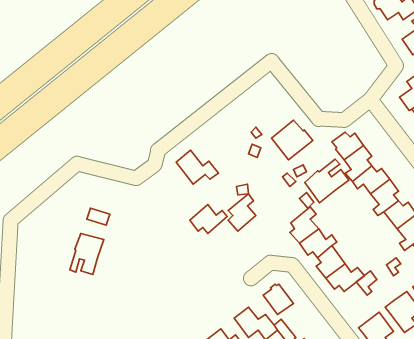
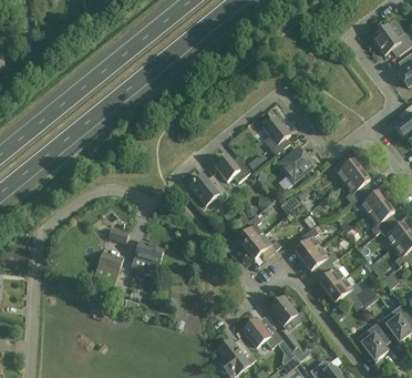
building: none -> [261,115,290,154]
building: none -> [214,155,249,182]
building: [305,159,349,203] -> none
building: [190,204,227,233] -> [246,234,280,260]
building: none -> [131,238,164,270]

